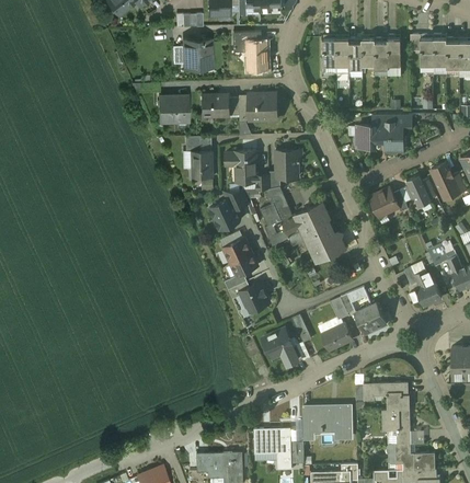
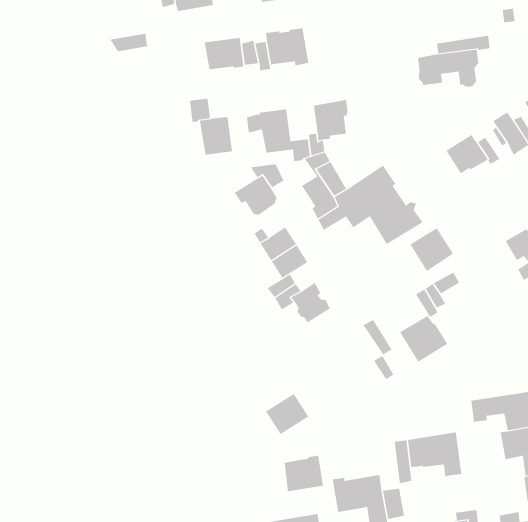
building: [159,94,190,124] -> none
building: [355,302,387,334] -> [410,227,454,272]
building: [262,327,294,357] -> [265,393,309,435]
building: none -> [284,455,324,492]

